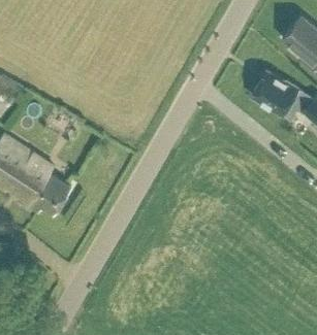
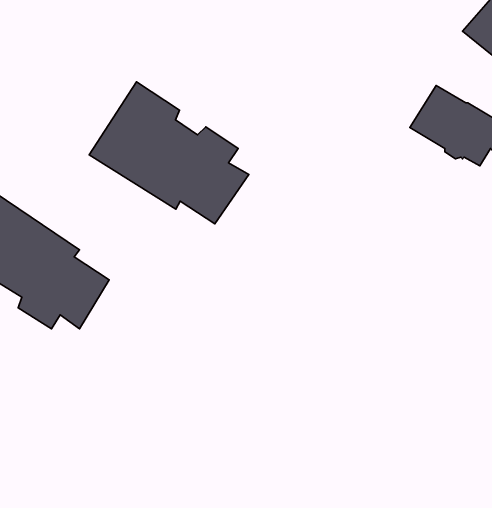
building: none -> [89,82,249,224]

